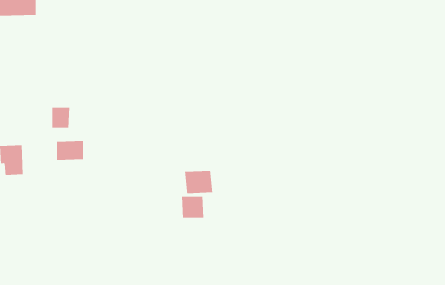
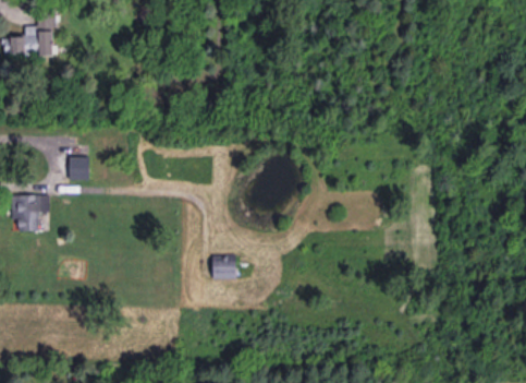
building: [57,140,83,161] -> none
building: [185,170,213,194] -> none

